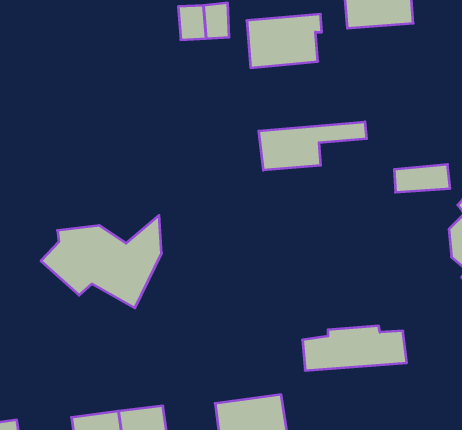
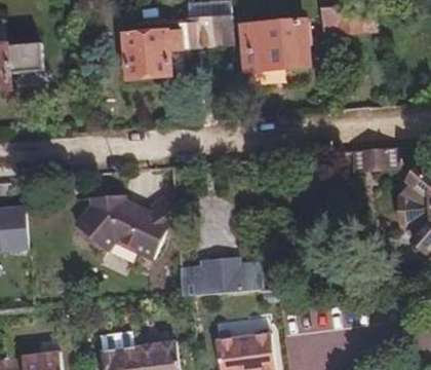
building: none -> [124,33,180,80]
building: [259,122,367,170] -> none
building: [302,326,407,370] -> [178,260,262,296]

